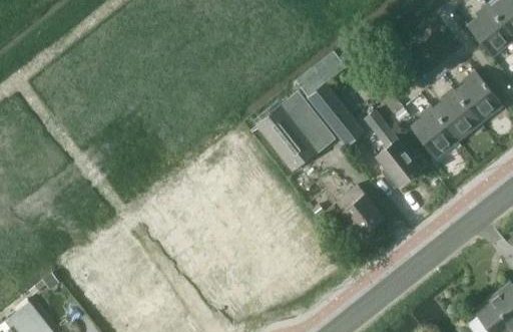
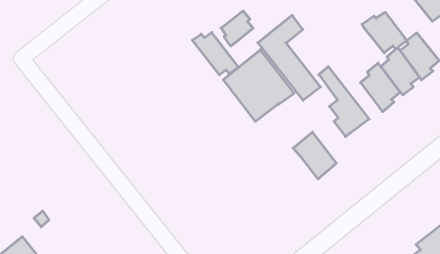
building: none -> [221,11,253,46]
building: none -> [362,12,406,53]
building: none -> [192,32,239,75]

